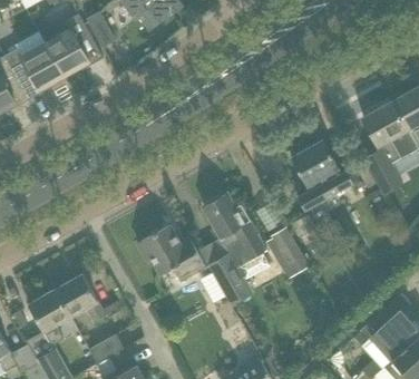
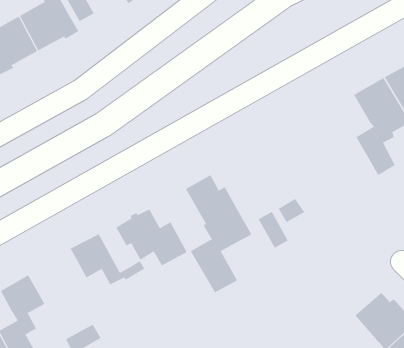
building: [291,139,353,210] -> none
building: [55,273,126,322] -> [70,233,145,285]

